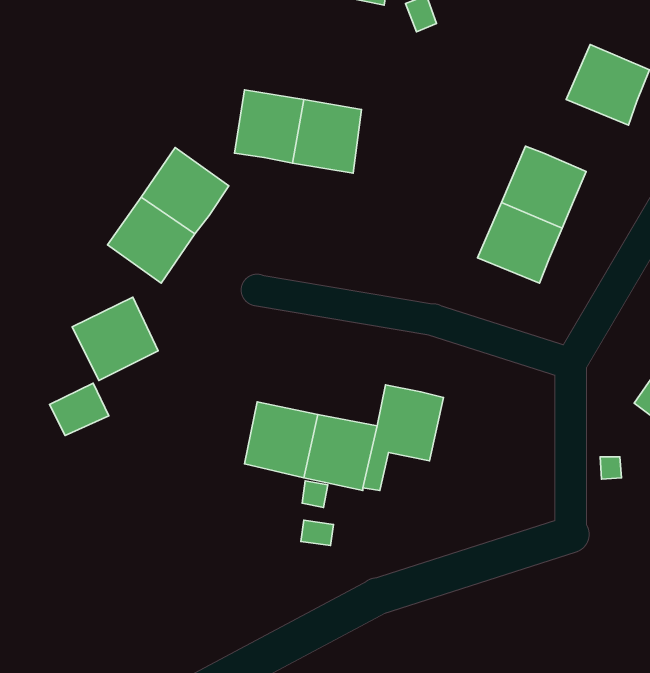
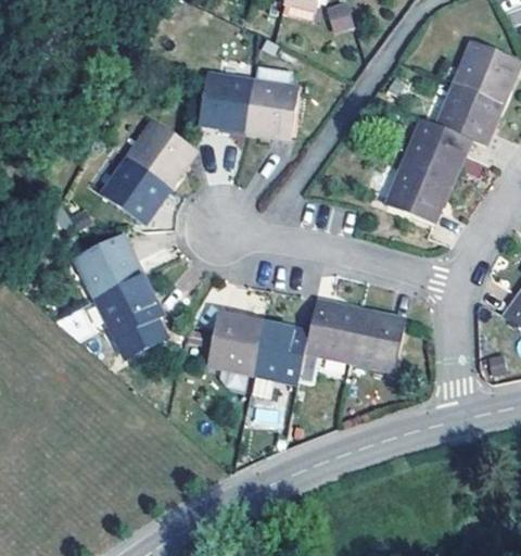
building: none -> [437,81,503,142]
building: none -> [96,275,165,355]
building: none -> [350,311,405,369]

